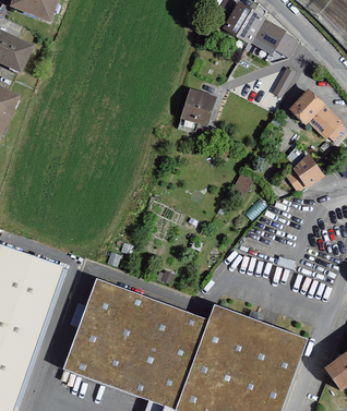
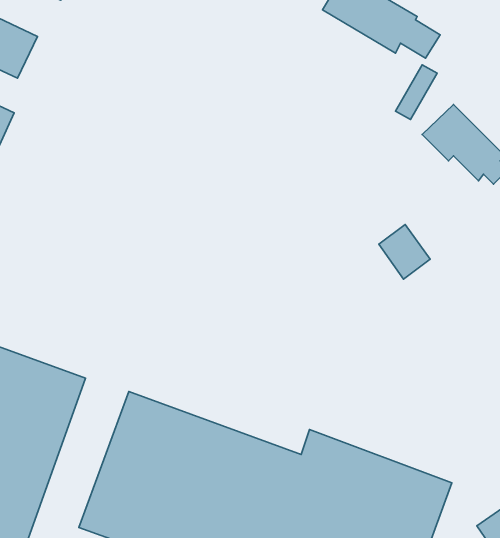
building: [179,89,216,128] -> none
building: [290,154,324,190] -> [379,224,430,279]

